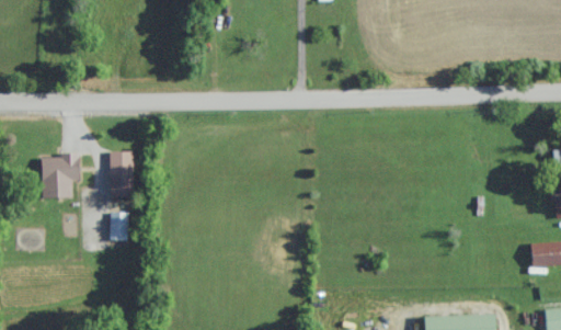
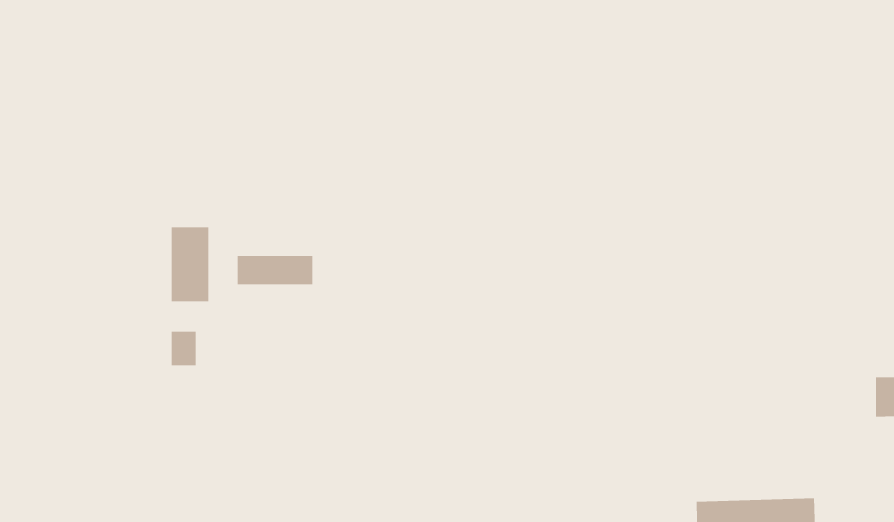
building: [42,156,80,200] -> none
building: none -> [237,255,313,285]

